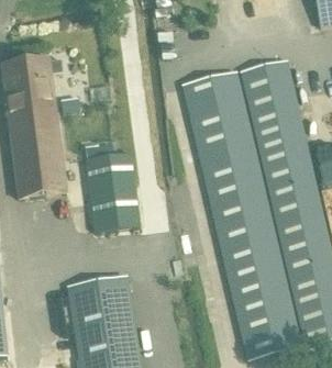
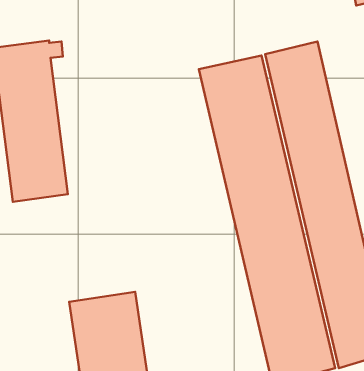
building: [87,152,141,231] -> none

